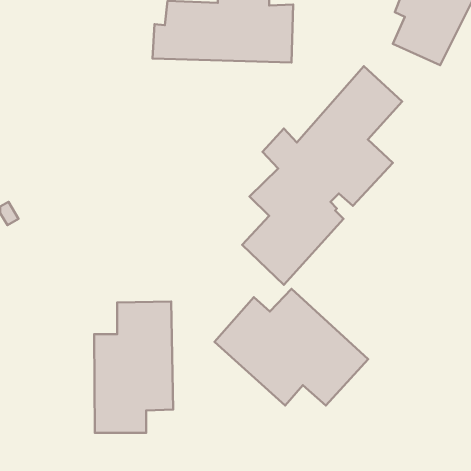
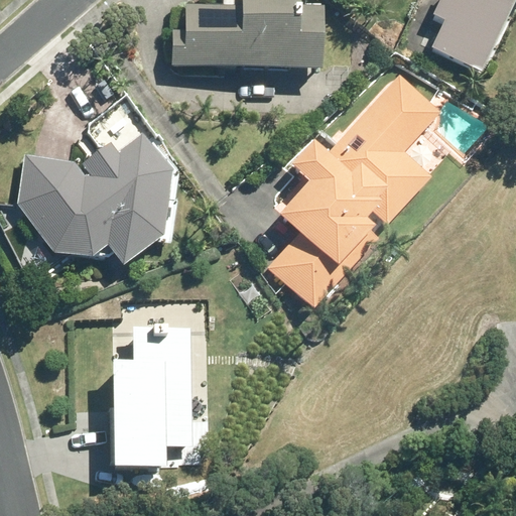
building: none -> [18,132,180,266]
building: [214,289,368,405] -> none

